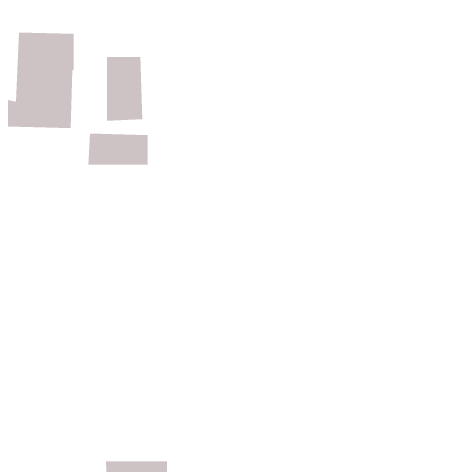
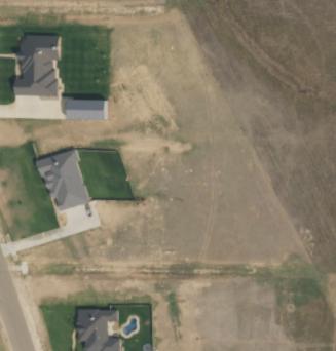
building: [106,56,143,121] -> none
building: none -> [38,150,87,209]

